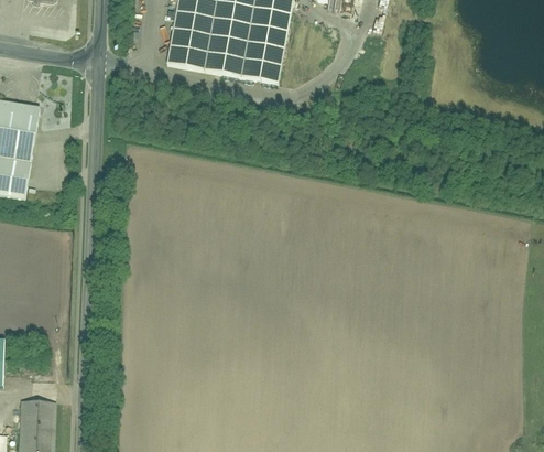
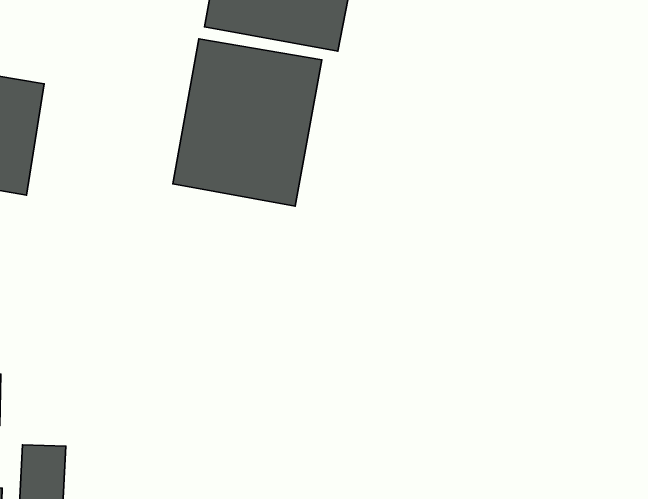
building: none -> [173,39,322,206]

